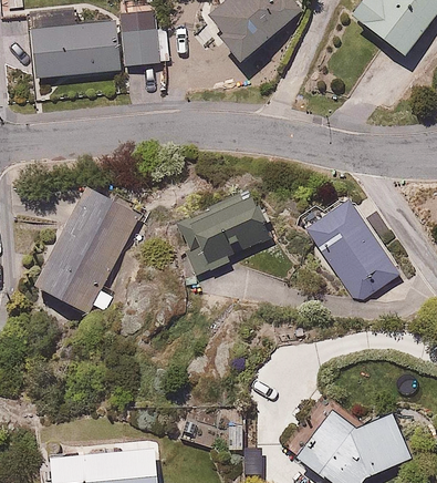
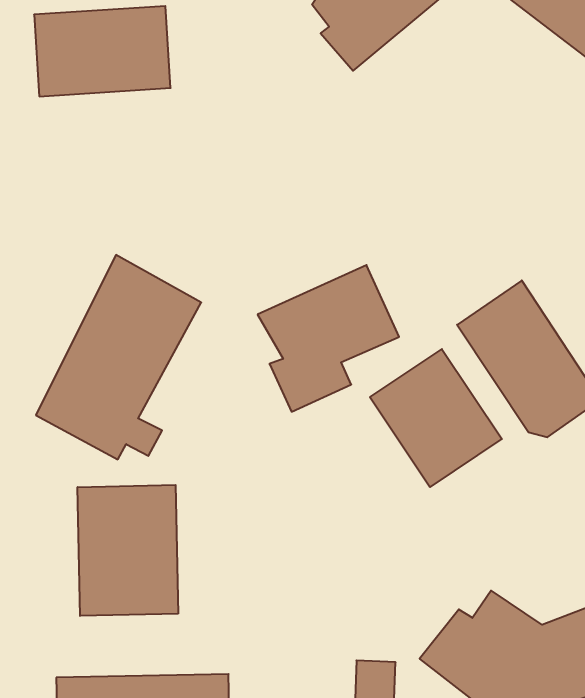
building: [123,27,173,65] -> none
building: none -> [370,349,502,487]
building: none -> [78,485,178,616]

